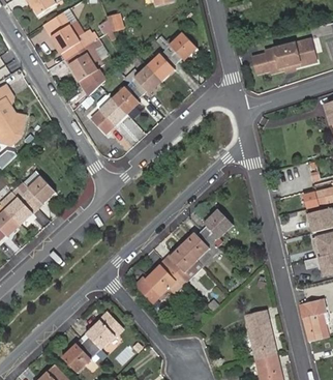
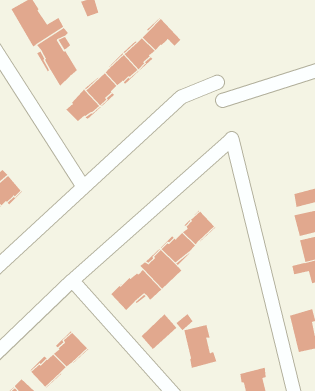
building: [252,38,315,74] -> none
building: none -> [141,313,177,350]
building: [247,319,278,359] -> [183,325,217,368]

